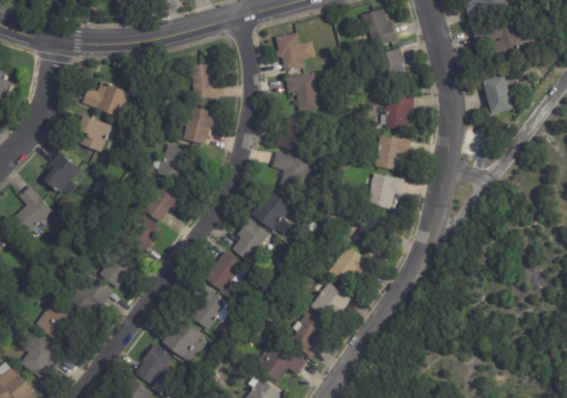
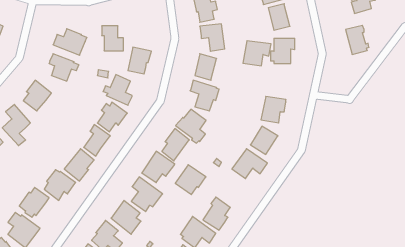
building: [189,62,219,96] -> [102,26,123,51]
building: [374,135,413,170] -> [243,41,271,66]
building: [310,282,352,323] -> [175,165,206,195]

